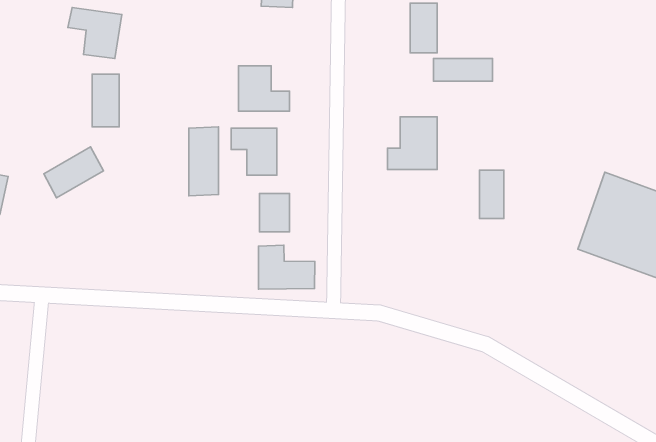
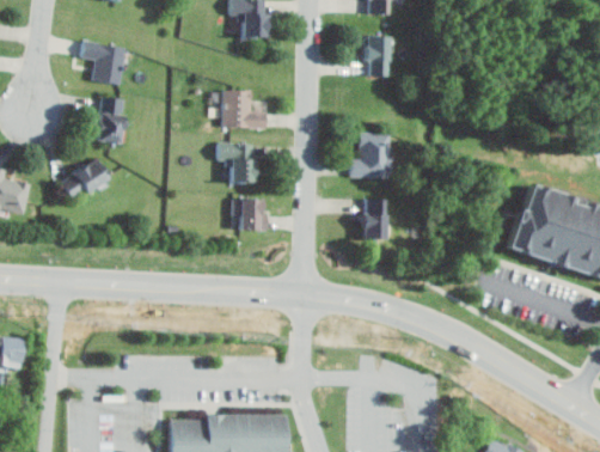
building: [434,59,492,81] -> none
building: [189,127,219,196] -> none
building: [480,170,504,219] -> [365,198,385,239]
building: [258,245,315,289] -> none

